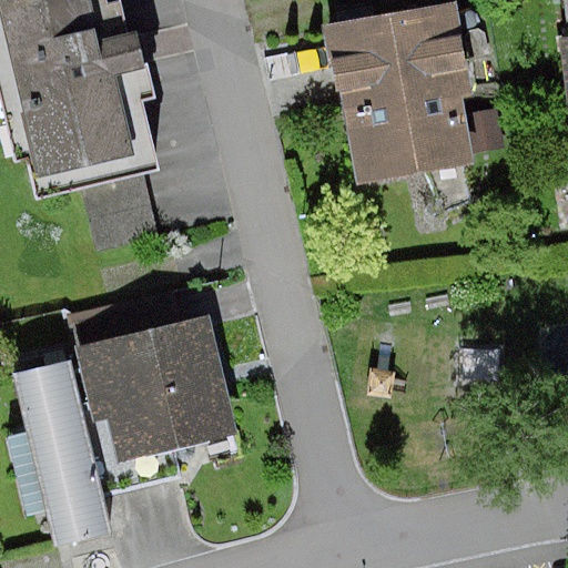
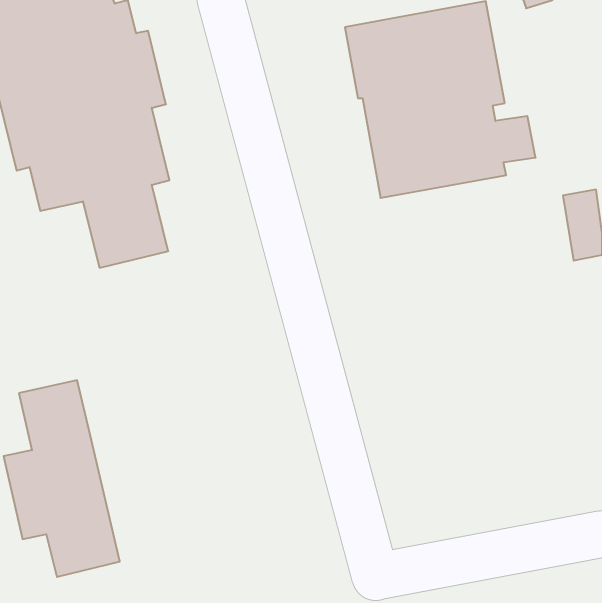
building: [69,290,235,460] -> none

